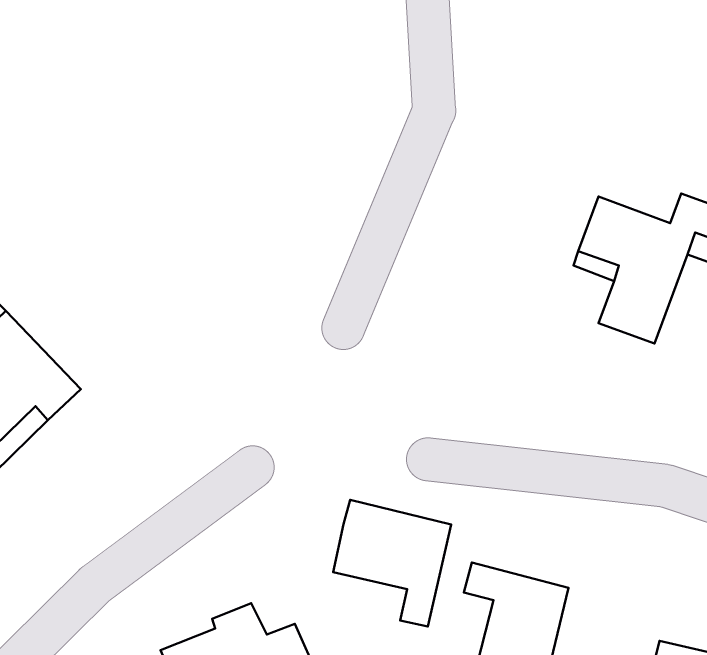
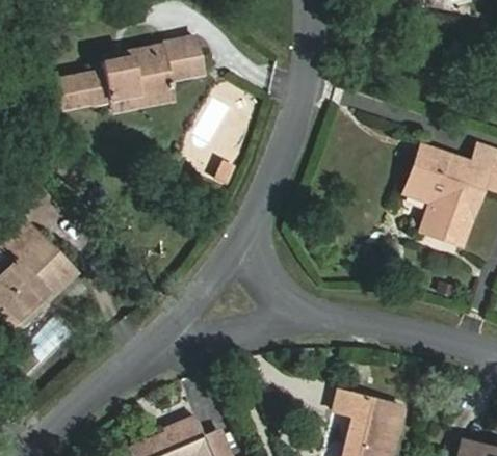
building: none -> [54,36,203,113]
building: [333,500,451,627] -> none

